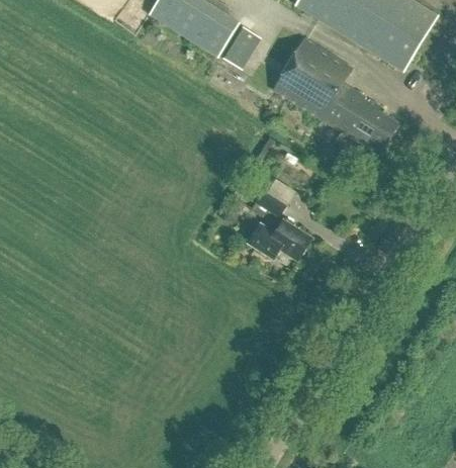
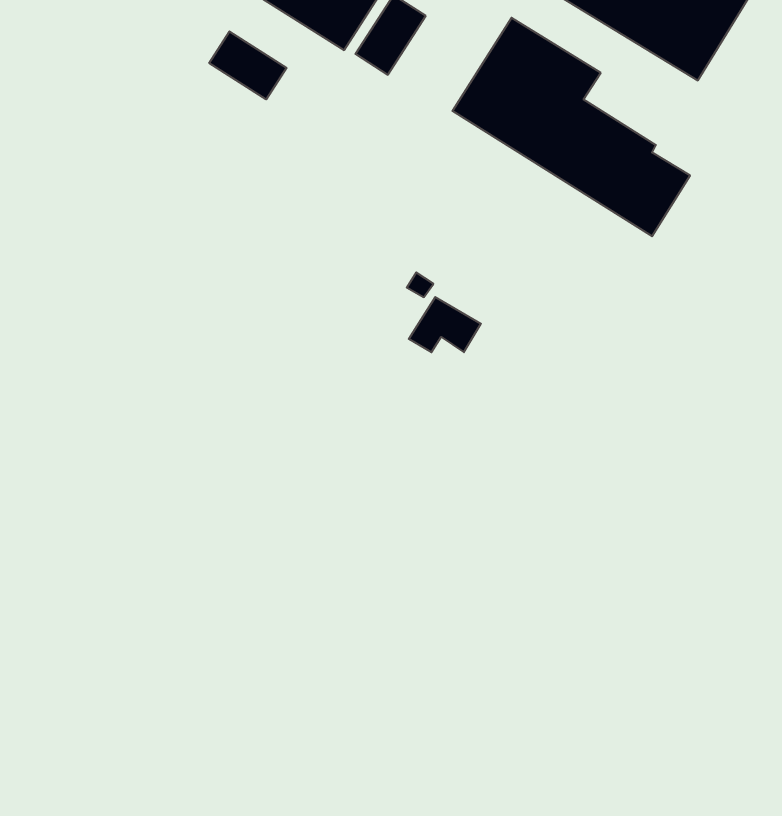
building: none -> [209,31,286,99]
building: [248,218,312,260] -> none

